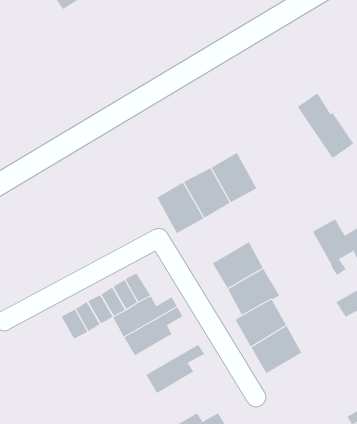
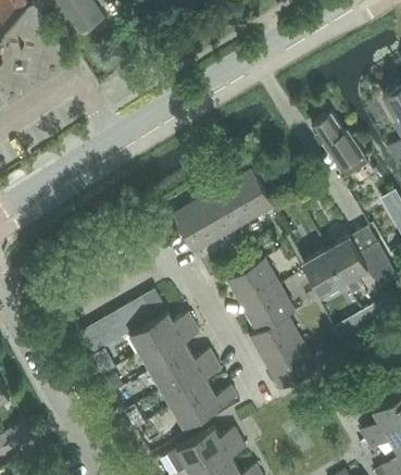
building: none -> [303,250,346,297]
building: none -> [152,351,215,391]
building: none -> [174,387,237,428]

